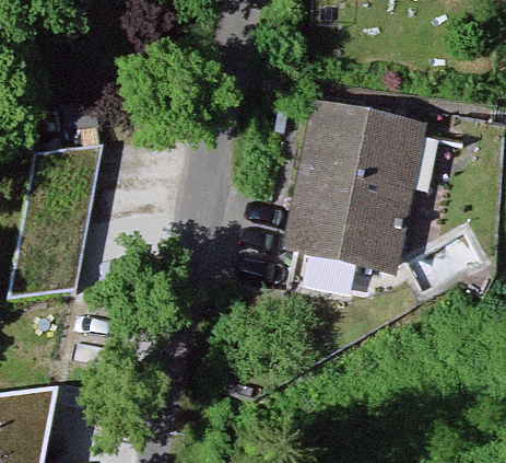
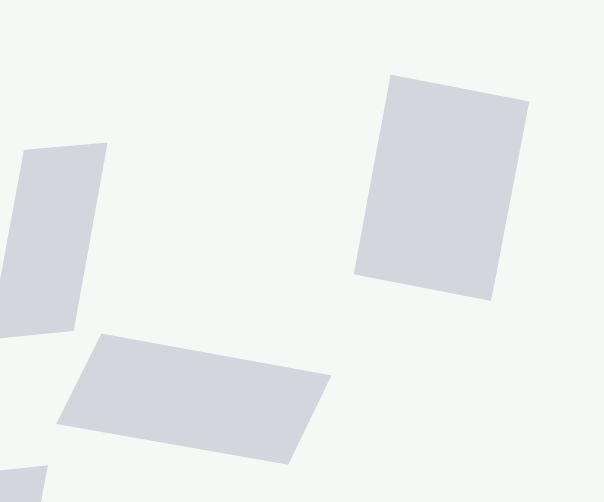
building: none -> [55,333,333,465]

